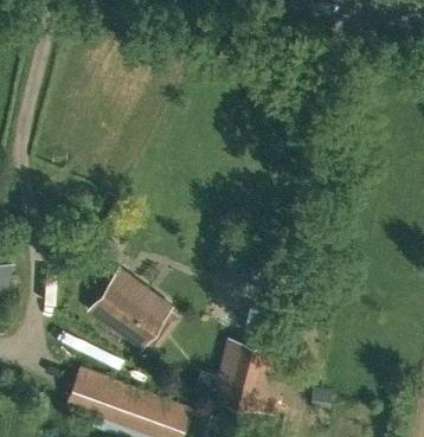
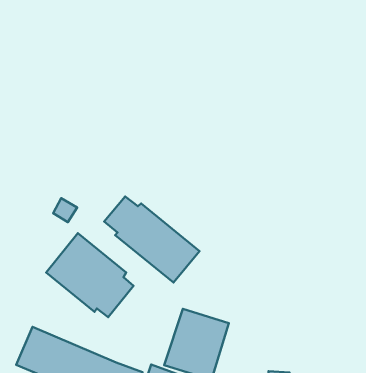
building: none -> [104,196,200,282]

